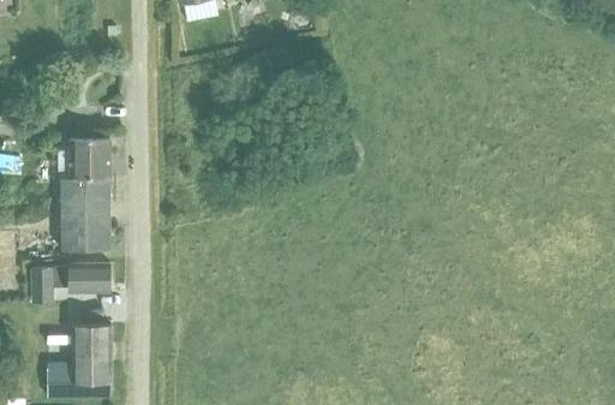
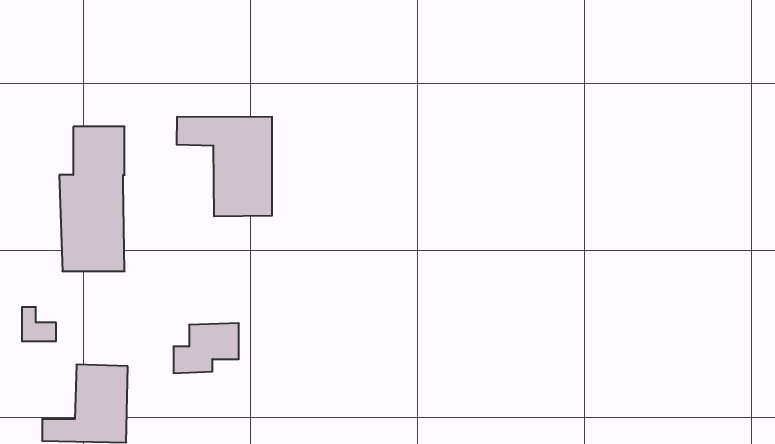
building: none -> [177,117,272,216]
building: [59,263,109,302] -> [173,323,239,373]

